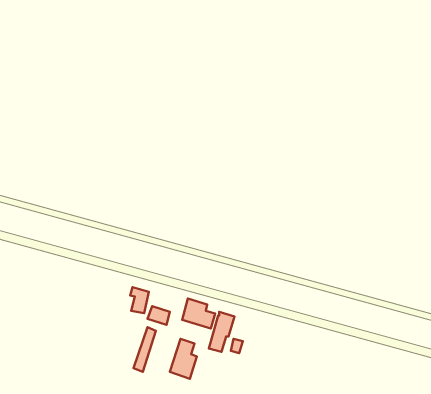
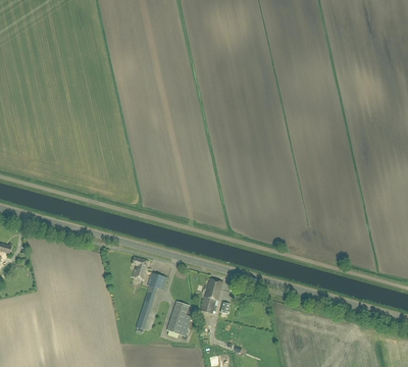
building: [182,299,215,328] -> none

